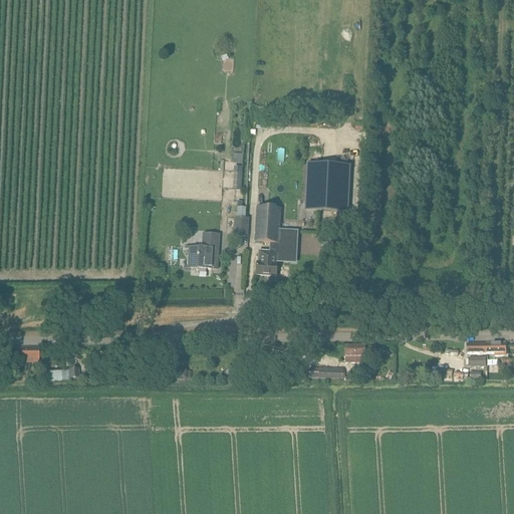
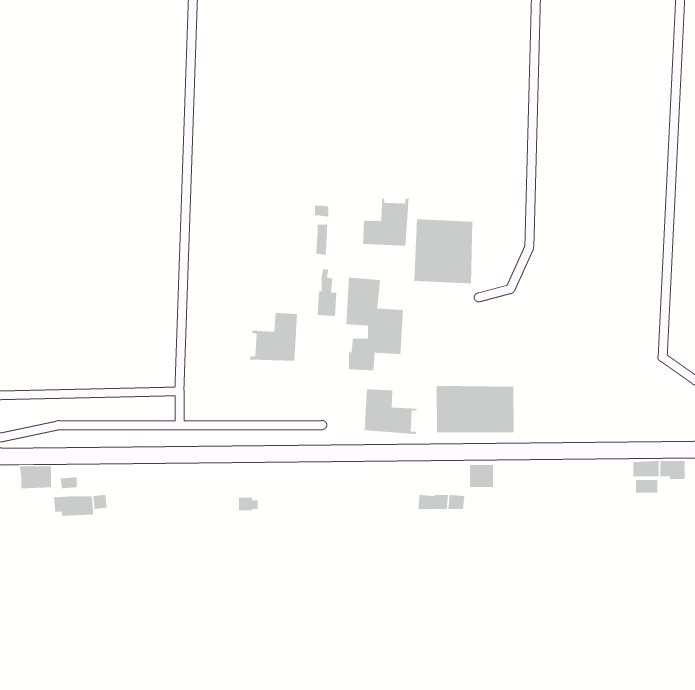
building: none -> [362,197,409,247]
building: none -> [436,385,514,433]
building: none -> [364,388,417,435]

